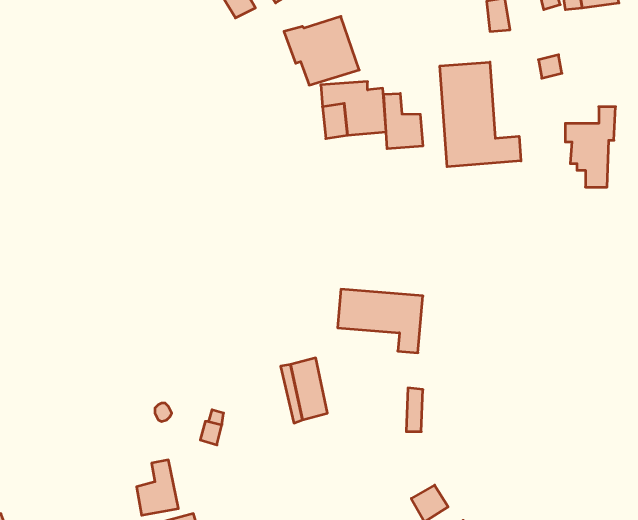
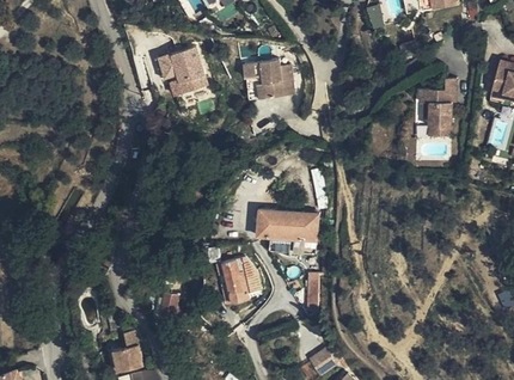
building: [284,16,359,85] -> [154,49,208,98]
building: [440,62,521,167] -> none
building: [384,93,423,149] -> none

